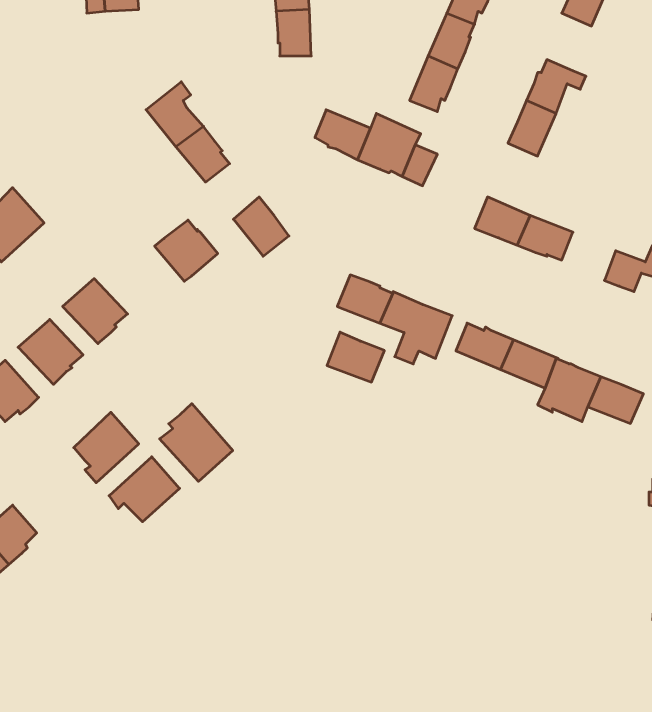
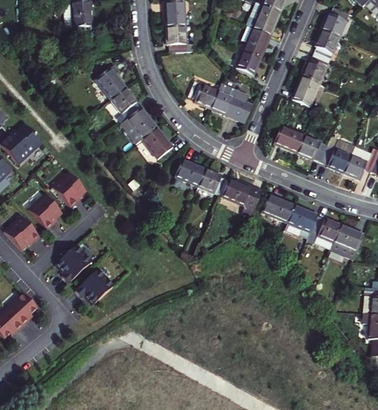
building: none -> [312,28,336,59]
building: none -> [320,137,353,172]
building: [155,220,218,281] -> [123,109,157,142]
building: [327,332,384,382] -> [175,159,206,186]
building: [160,404,233,481] -> none

